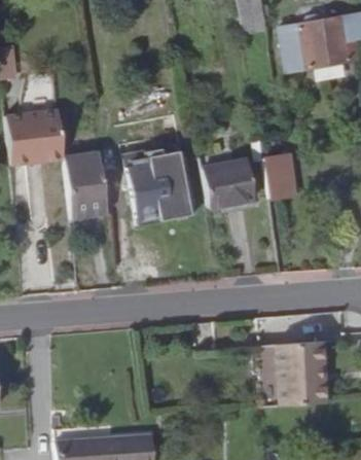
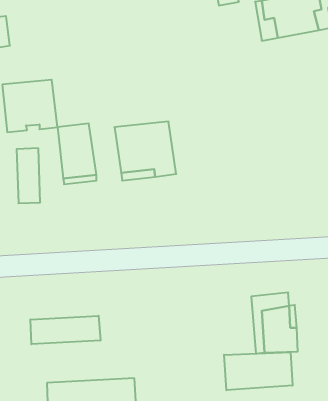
building: [258,150,294,198] -> none
building: [203,160,256,207] -> none
building: none -> [30,316,100,344]
building: none -> [224,352,293,390]

